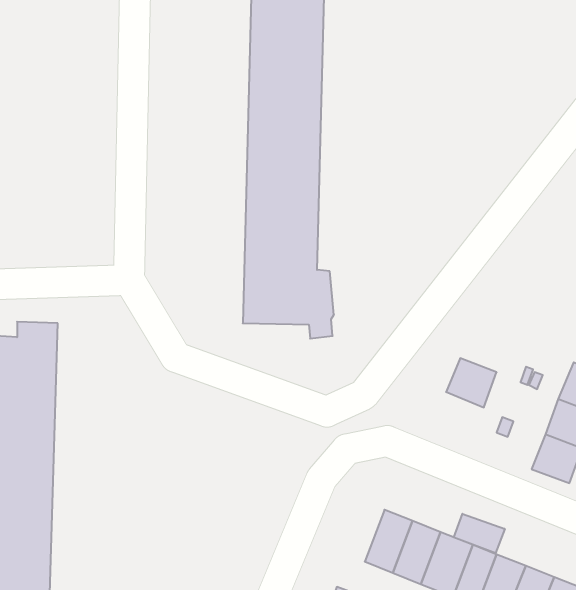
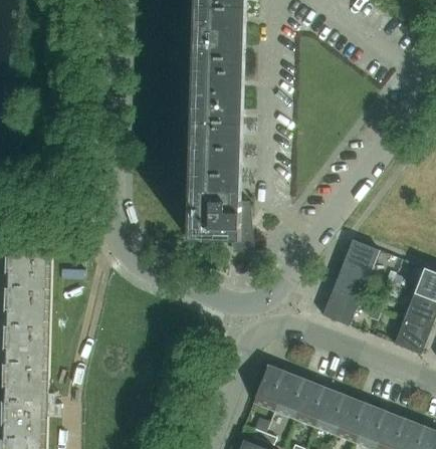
building: none -> [342,238,378,273]
building: none -> [320,287,359,324]
building: none -> [252,364,287,409]
building: [454,514,505,553] -> none

